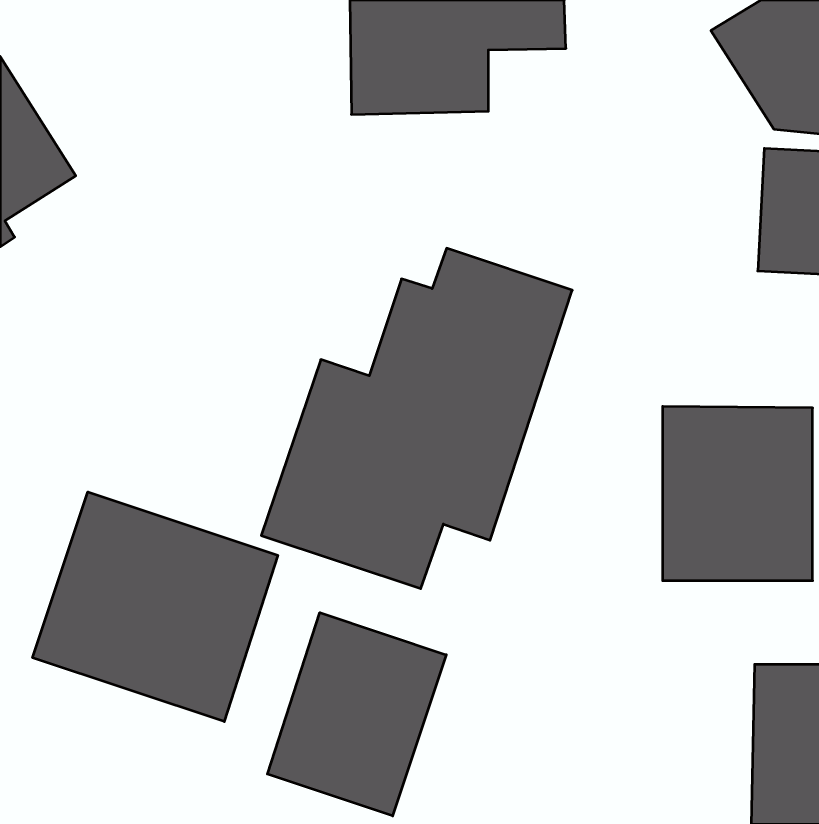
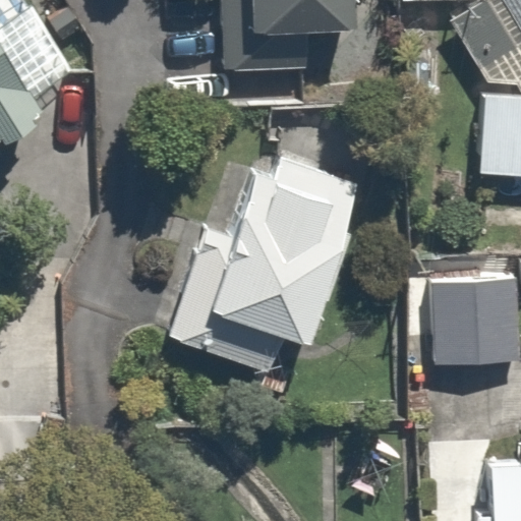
building: [33,492,278,722] -> none
building: [267,613,446,816] -> none

